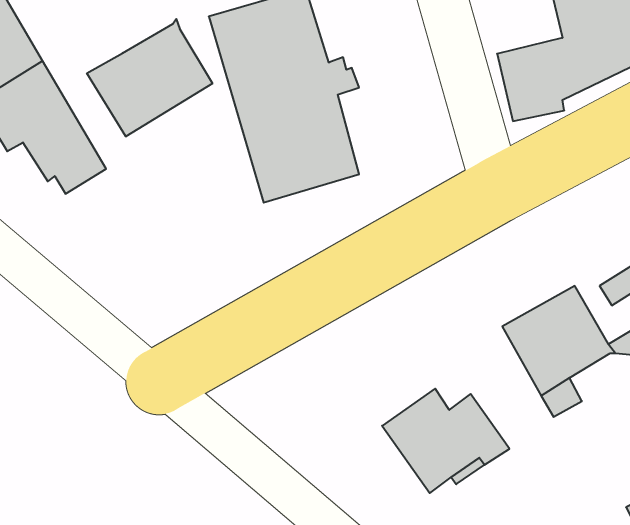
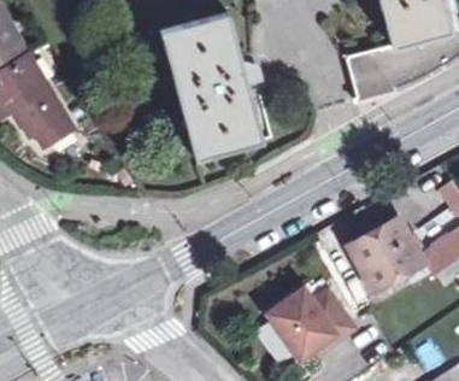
building: [87,19,212,137] -> none

